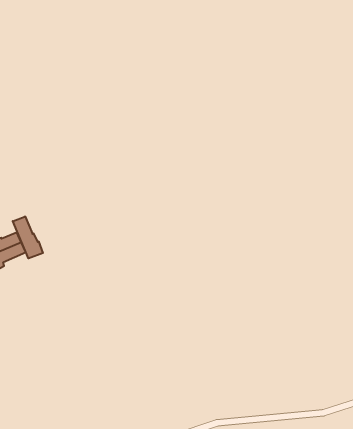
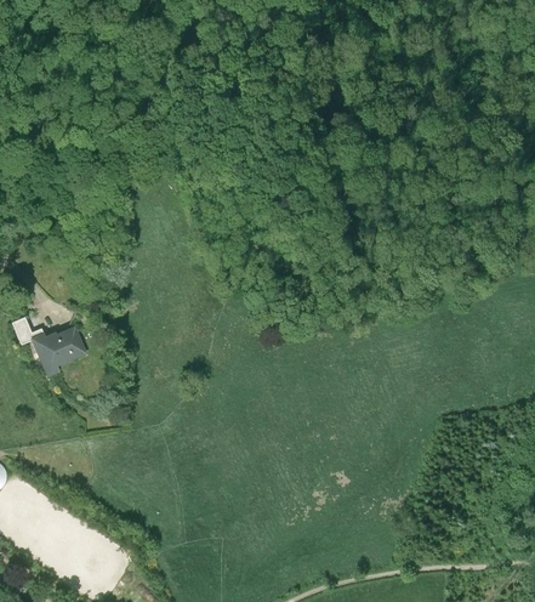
building: [13,216,43,258] -> none

